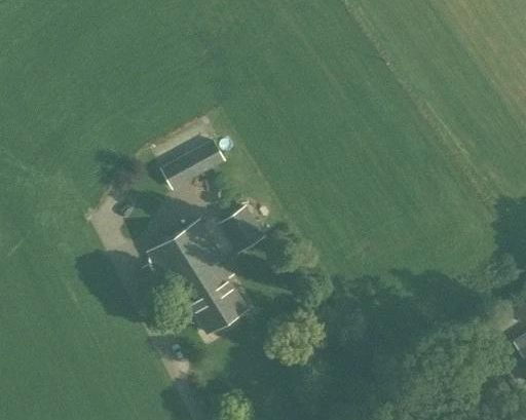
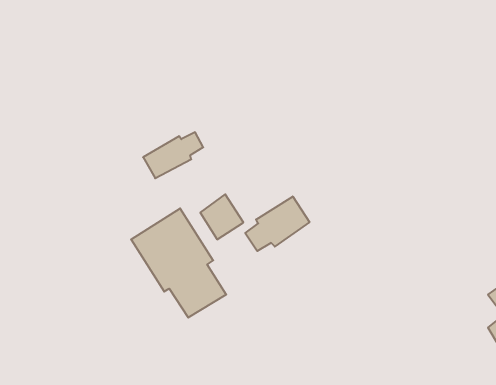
building: none -> [245,196,309,251]

